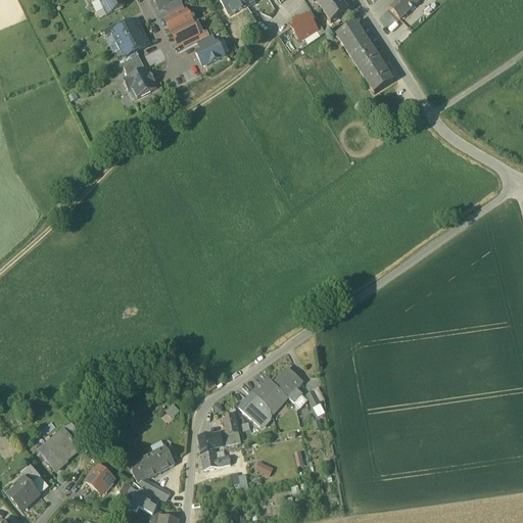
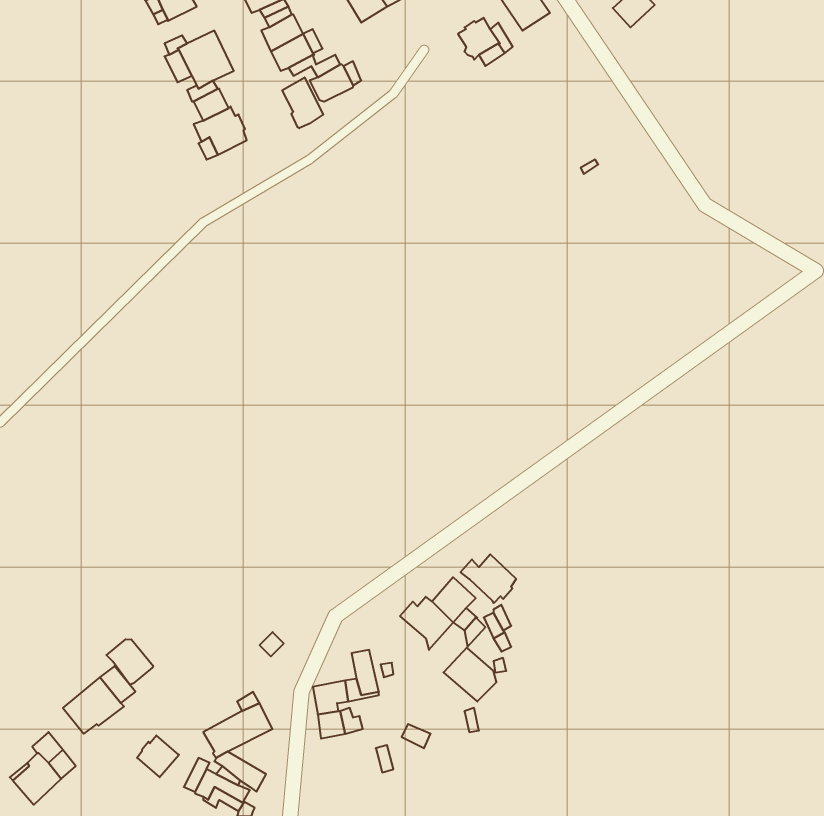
building: [336,19,393,91] -> none
building: none -> [282,77,323,128]
building: none -> [461,554,516,603]
building: [238,389,272,424] -> [443,647,497,702]
building: none -> [106,639,153,684]

